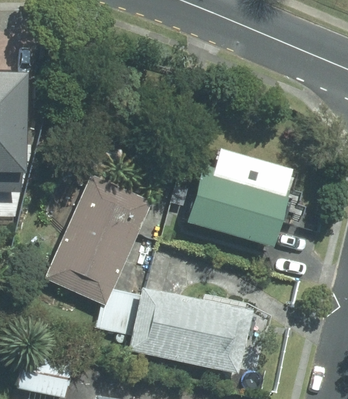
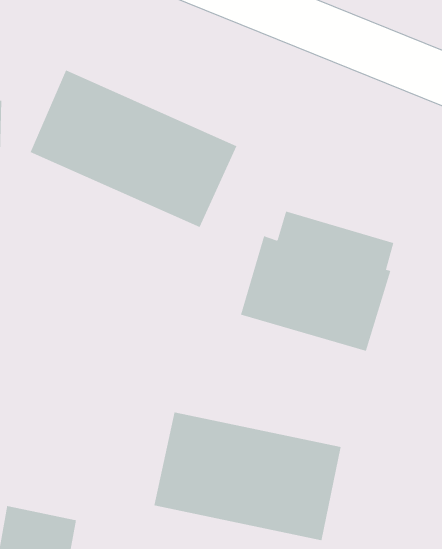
building: none -> [30,69,237,228]
building: [46,174,154,304] -> none

